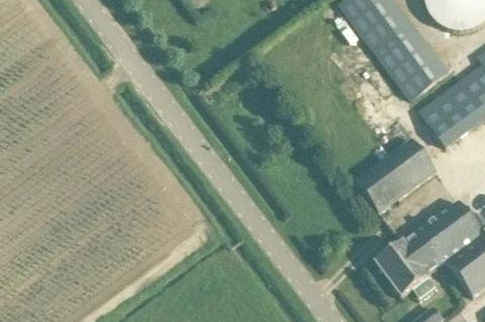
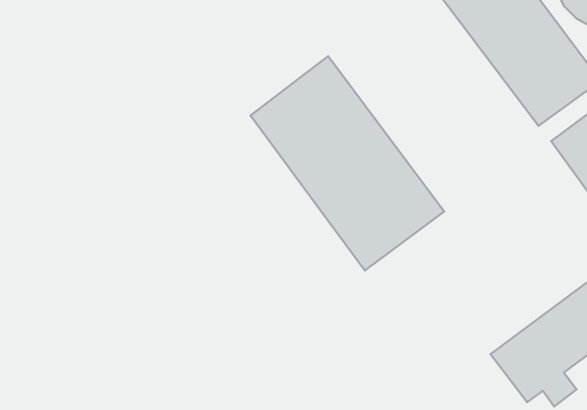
building: none -> [251,56,444,271]
building: [355,138,437,214] -> none

